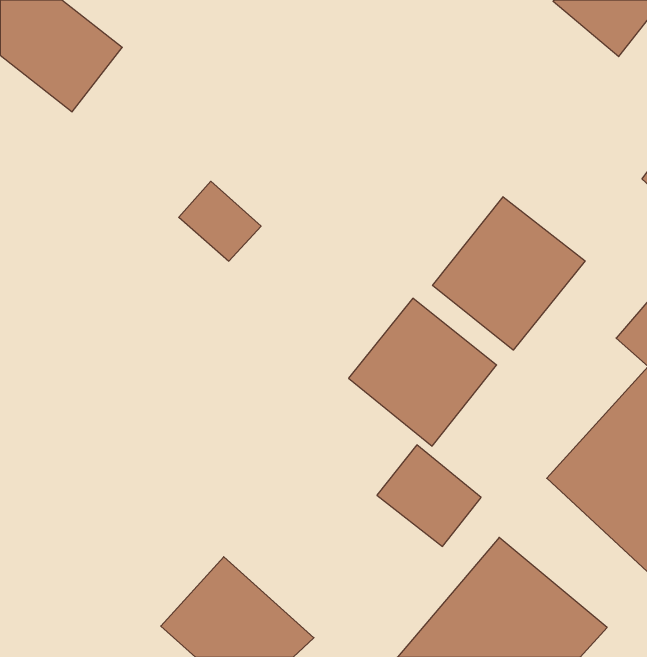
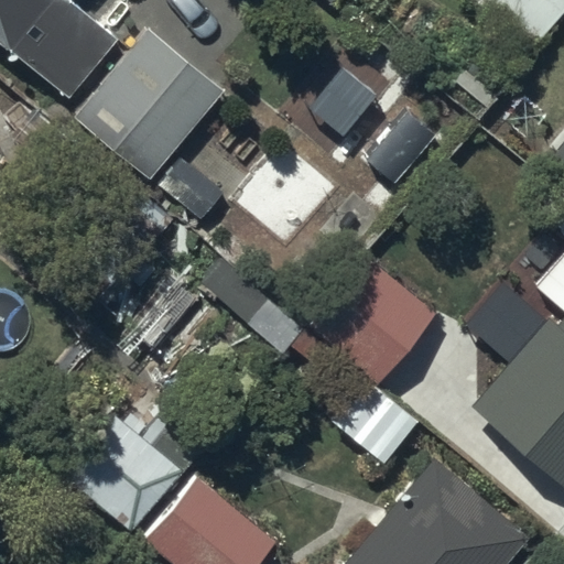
building: none -> [79,32,223,177]
building: [433,197,585,350] -> none
building: none -> [66,416,184,533]

